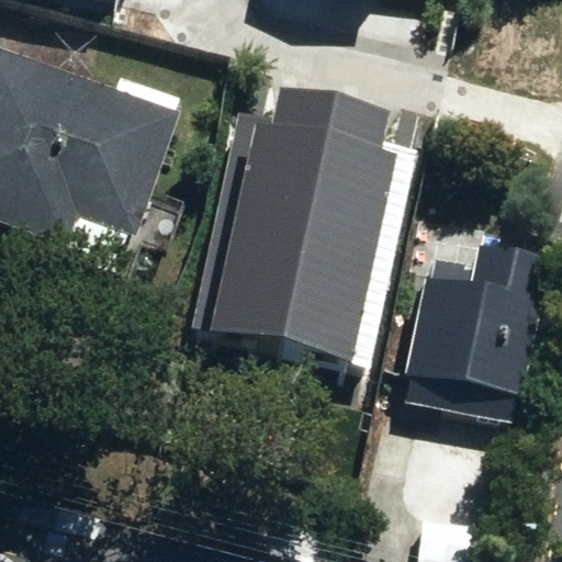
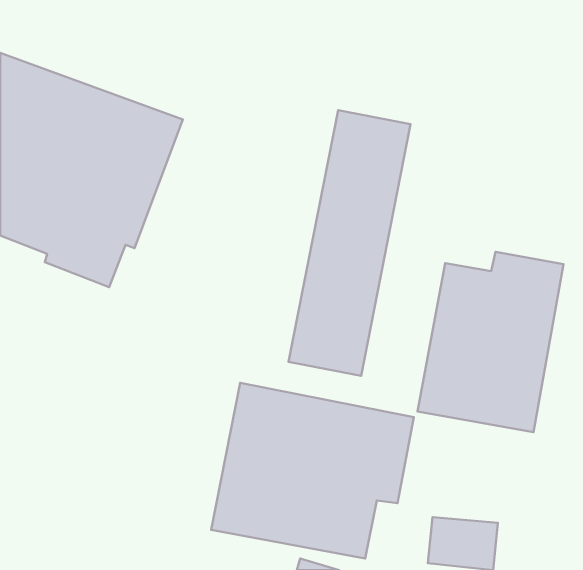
building: [212,91,327,346] -> none
building: none -> [211,383,414,559]

